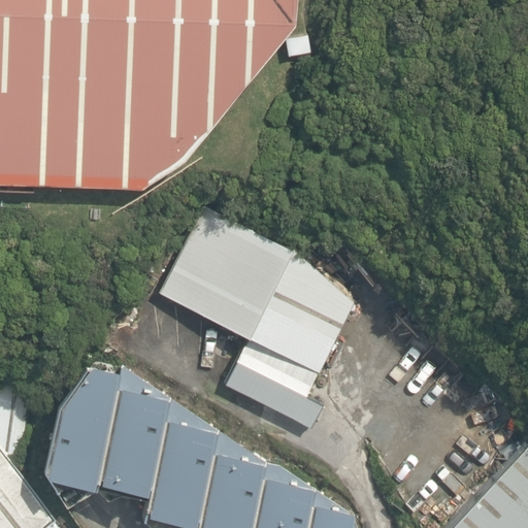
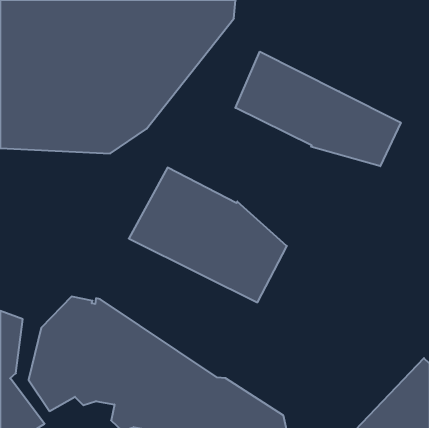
building: none -> [235,52,401,166]
building: [224,339,321,429] -> none

